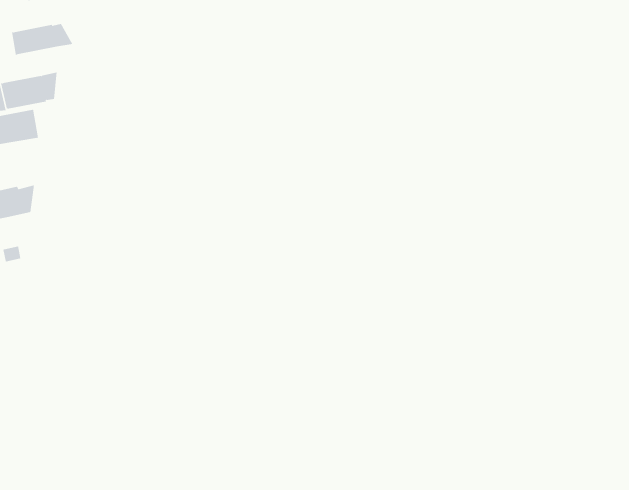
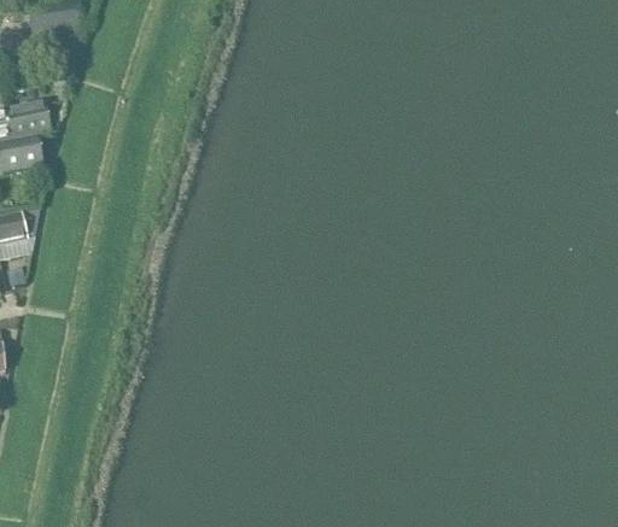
building: [12,23,73,56] -> none

